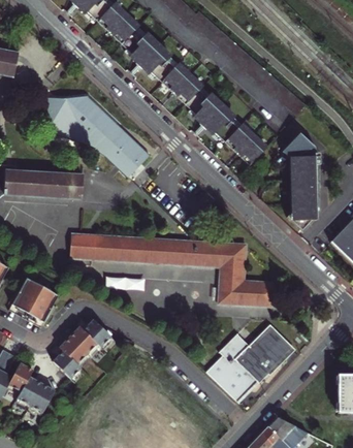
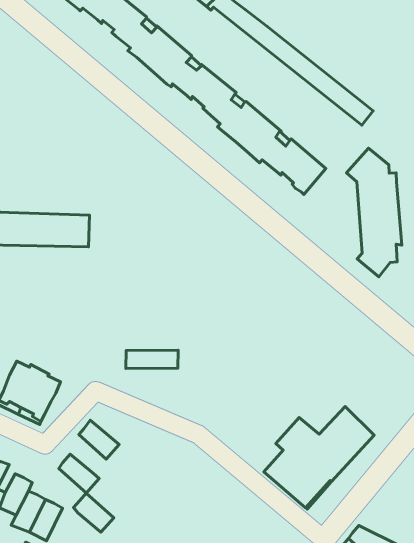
building: [47,96,149,178] -> none
building: [71,231,277,308] -> none
building: [83,320,113,350] -> none
building: [59,337,89,366] -> [73,493,114,532]

